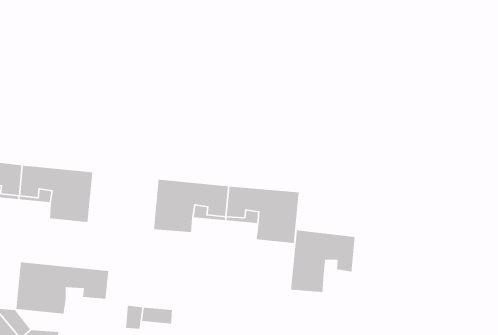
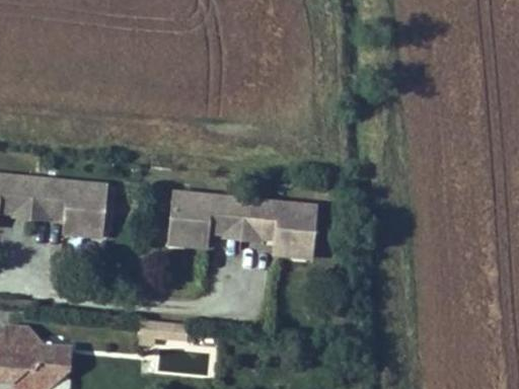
building: [290,230,355,293] -> none
building: [15,262,109,314] -> none

